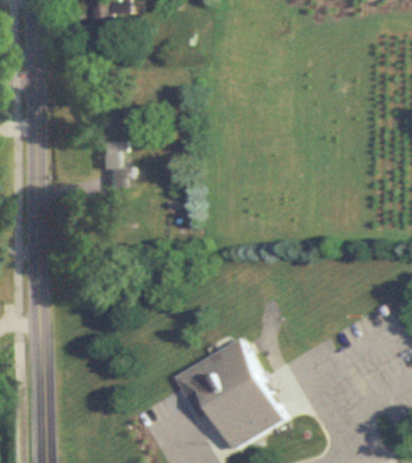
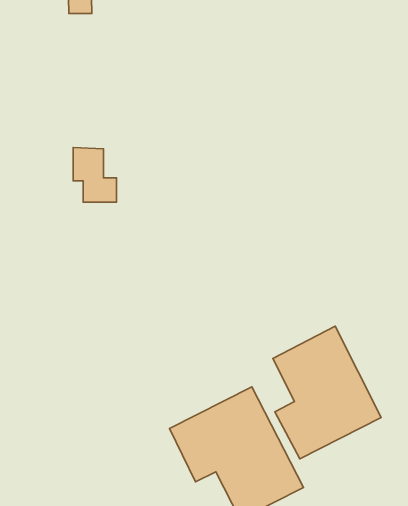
building: none -> [273,326,381,459]

